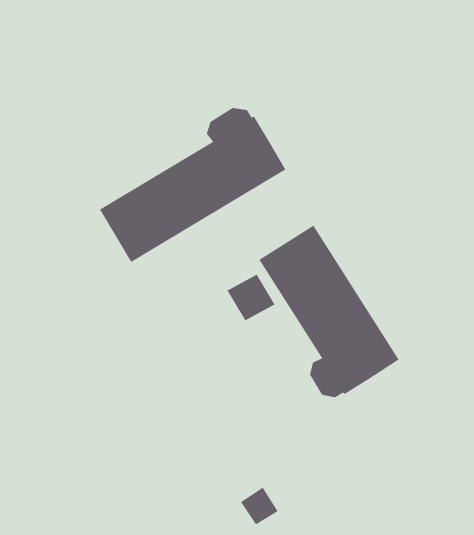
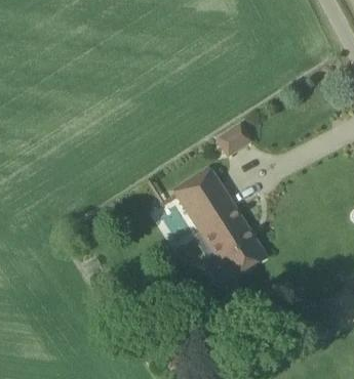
building: [99,107,286,263] -> none
building: none -> [218,122,253,155]

